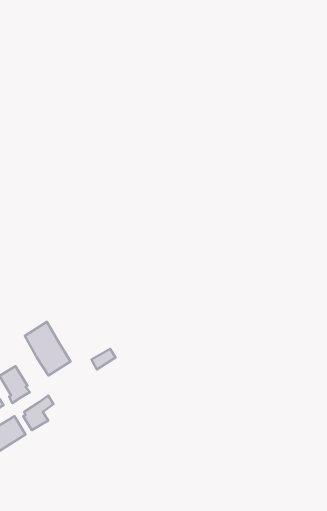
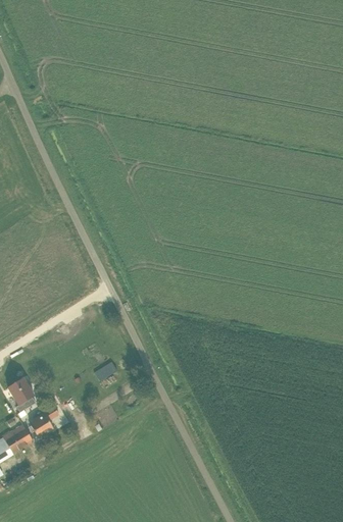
building: [25,322,71,376] -> none

